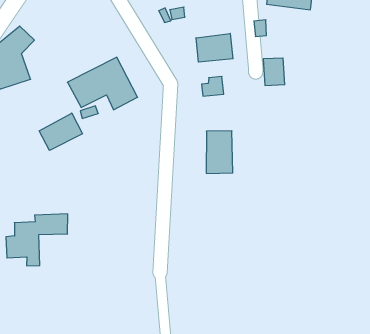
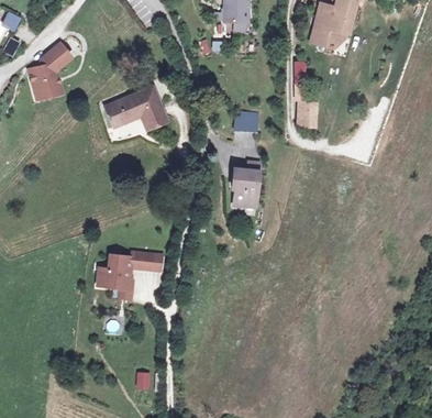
building: [196,33,233,62] -> none
building: [39,113,82,150] -> none
building: [6,214,68,266] -> [97,252,162,303]

